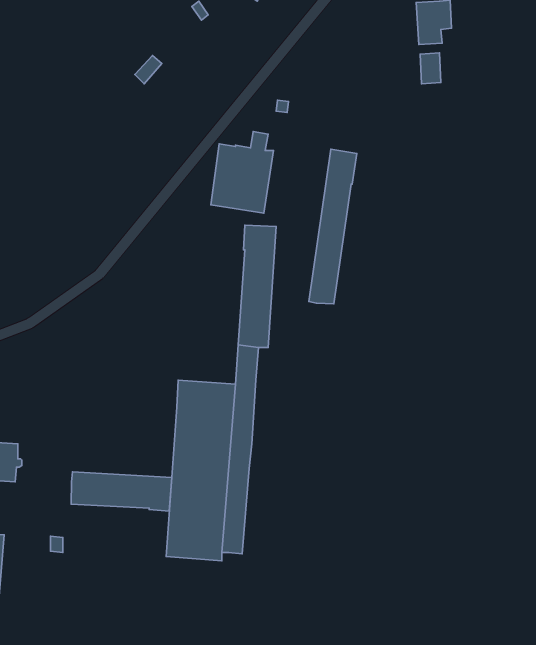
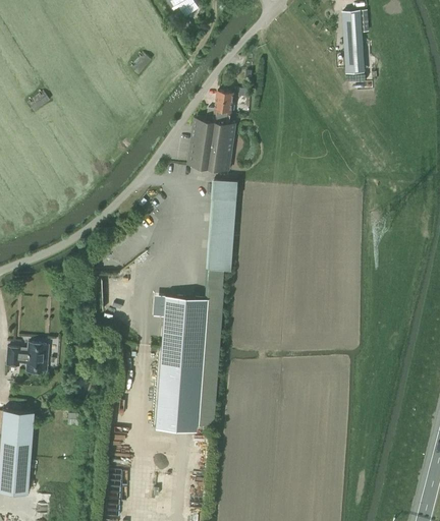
building: none -> [206,92,232,122]
building: [309,149,357,304] -> none
building: [71,472,172,511] -> none

